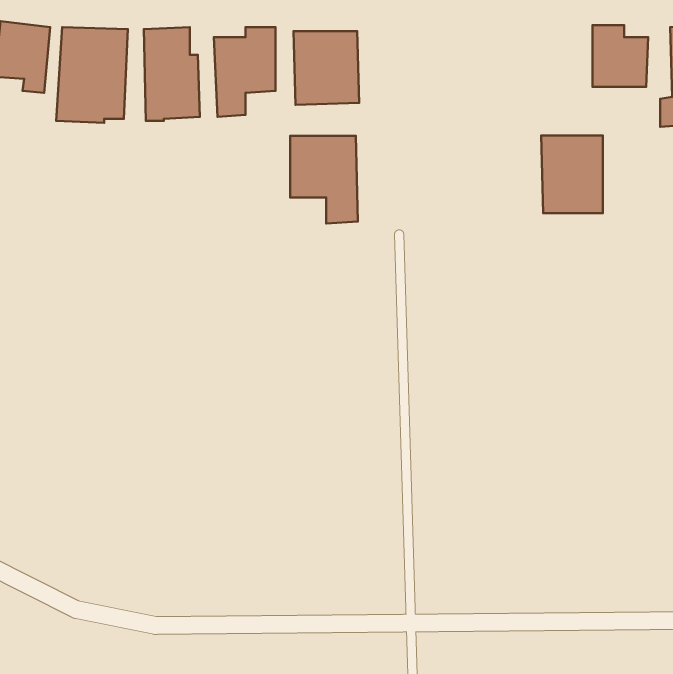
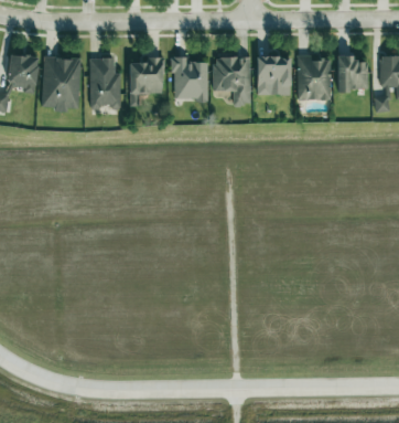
building: none -> [256,55,290,94]
building: [541,135,603,213] -> [296,56,331,99]
building: [290,136,358,223] -> [213,56,250,105]

